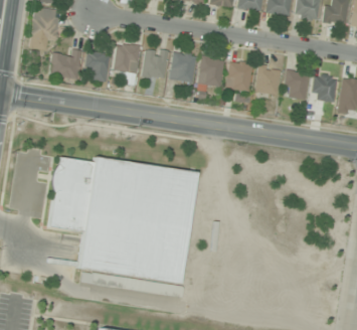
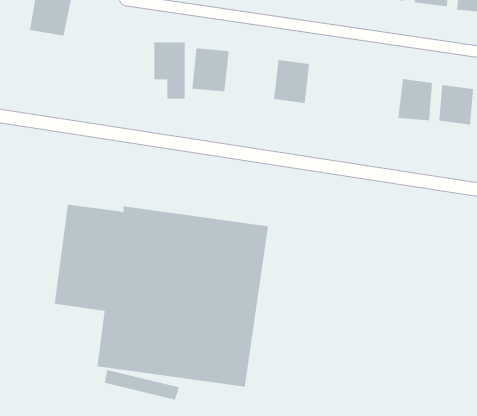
building: [51,49,82,78] -> none
building: [86,51,111,81] -> none
building: [172,52,196,80] -> none
building: [227,60,253,91] -> none
building: [256,65,282,95] -> none

